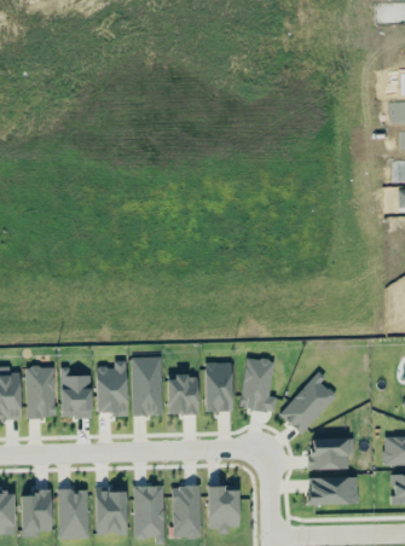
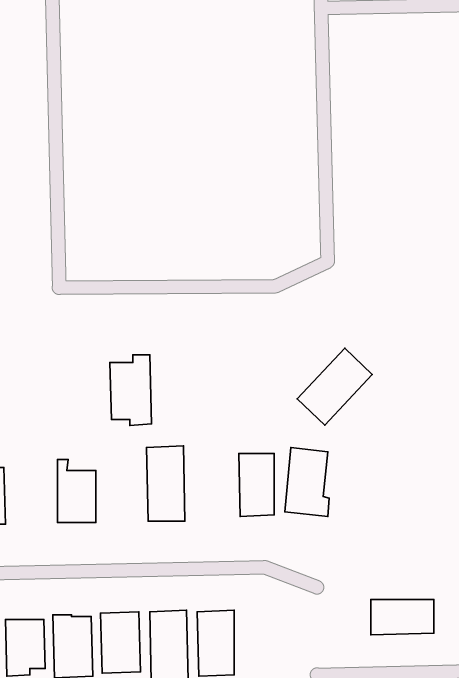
building: [96,361,128,417] -> [110,355,151,426]
building: [27,366,56,418] -> none
building: [168,374,198,414] -> none
building: [279,374,339,435] -> [297,348,372,425]
building: [307,438,352,470] -> none
building: [208,486,239,534] -> none

